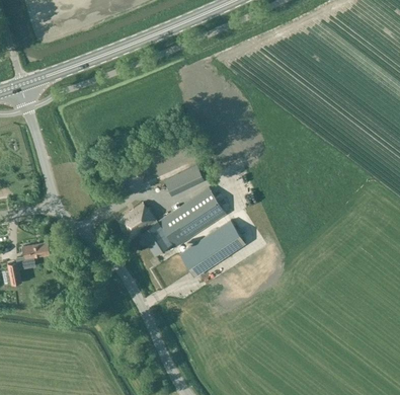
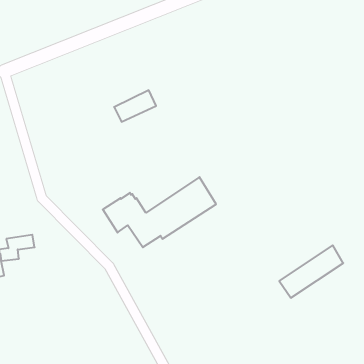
building: [163,166,204,196] -> [114,90,156,122]
building: [178,221,240,271] -> [279,245,343,298]

